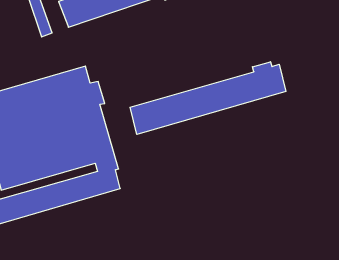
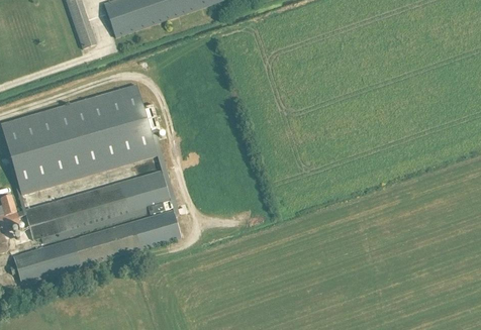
building: [130,62,286,134] -> none

